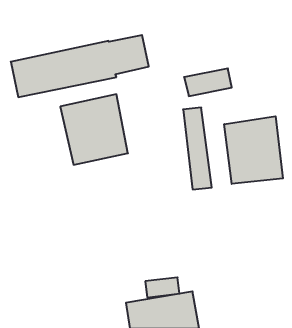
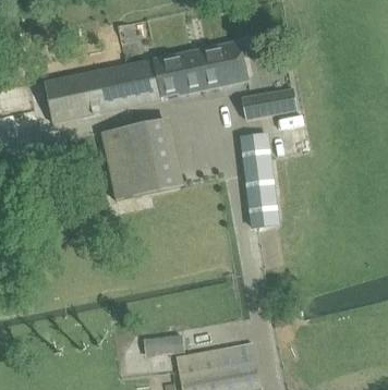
building: none -> [194,40,247,88]
building: [224,116,283,184] -> none
building: [145,277,180,297] -> [145,331,184,354]

